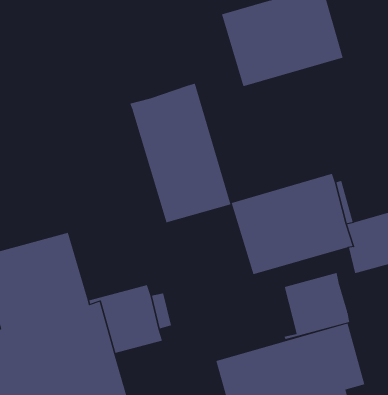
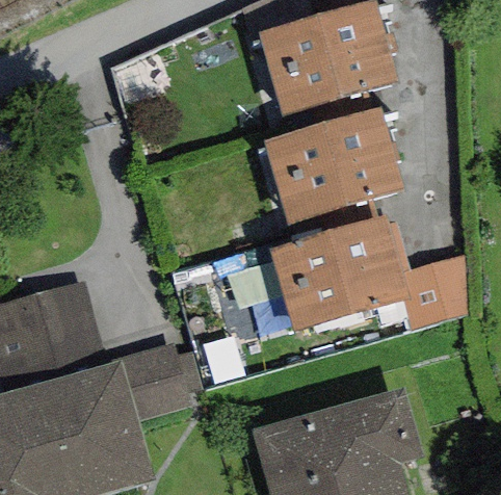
building: none -> [263,107,402,225]
building: [129,83,231,223] -> none
building: [284,272,350,340] -> none

